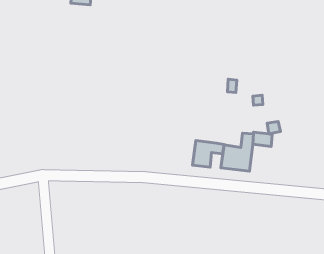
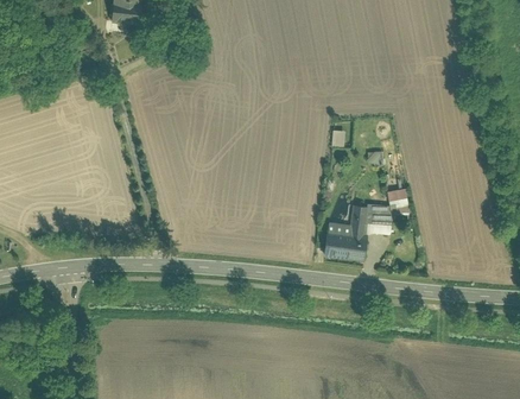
building: [193,141,224,167] -> none

